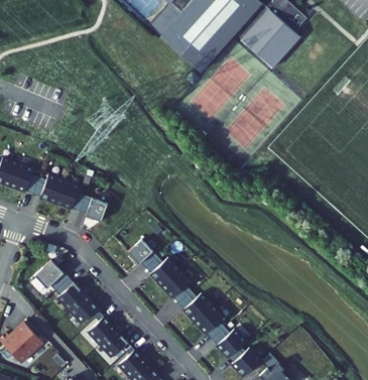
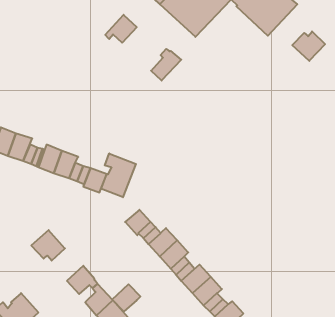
building: none -> [105,15,137,43]
building: none -> [292,31,325,61]
building: none -> [151,49,181,81]
building: none -> [101,153,136,197]
building: [55,277,87,309] -> none
building: none -> [112,284,140,312]

